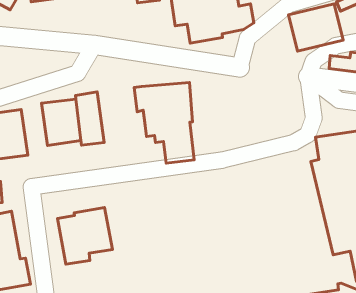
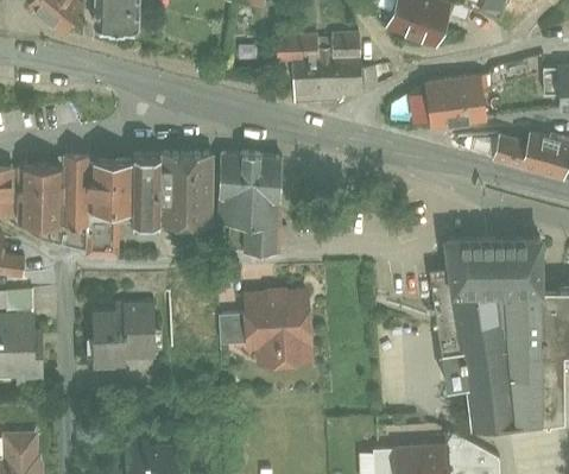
building: none -> [163,153,213,225]
building: none -> [62,154,90,225]
building: none -> [217,290,315,368]

